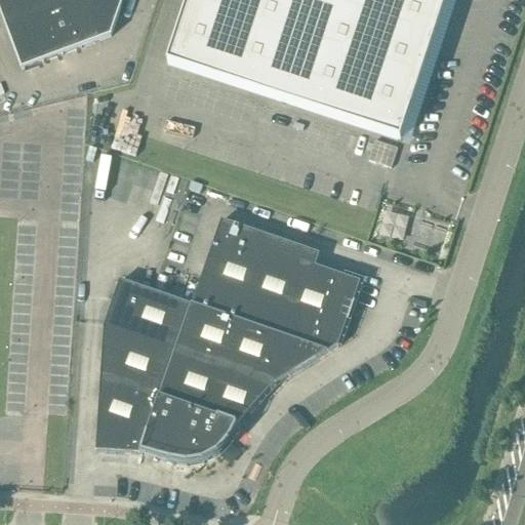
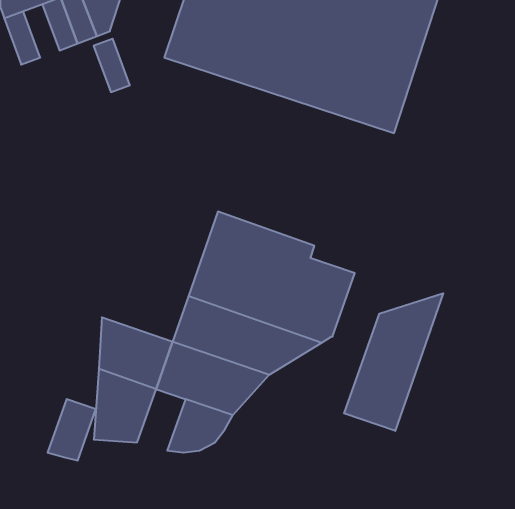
building: [24,4,60,58] -> [94,39,130,92]
building: [104,276,192,348] -> none
building: none -> [344,293,443,431]
building: [139,396,189,458] -> [48,399,96,461]

